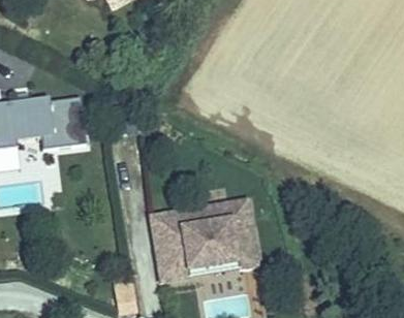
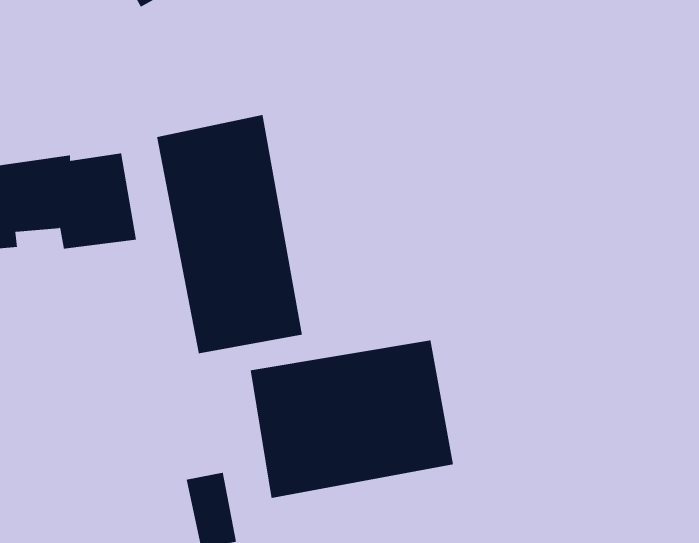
building: none -> [157,114,302,354]

